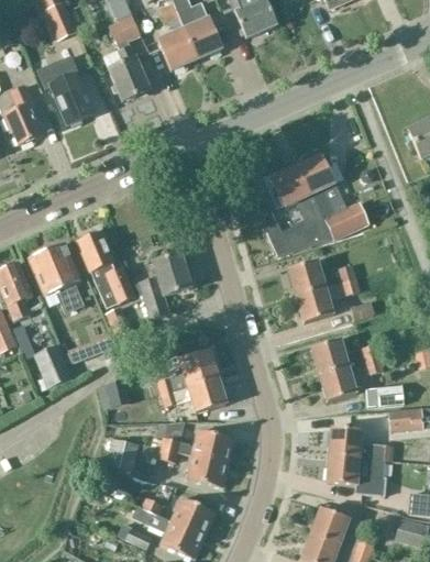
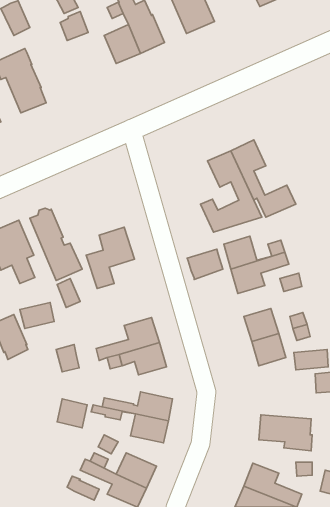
building: [108,45,150,101] -> none
building: none -> [187,249,223,279]
building: [329,428,392,461] -> none

